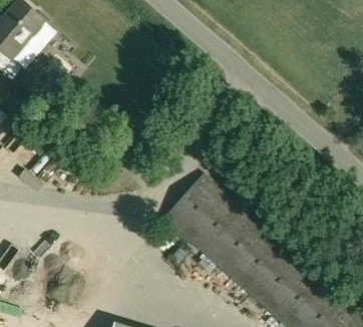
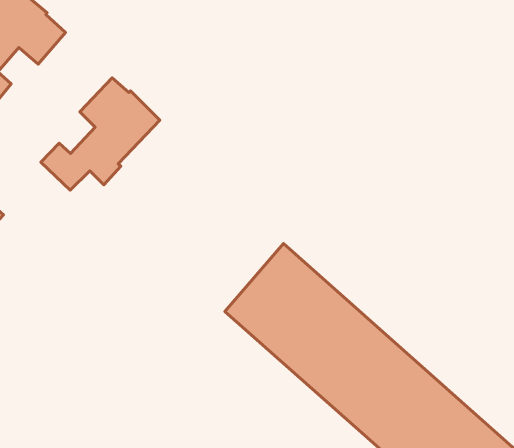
building: none -> [41,78,160,190]

